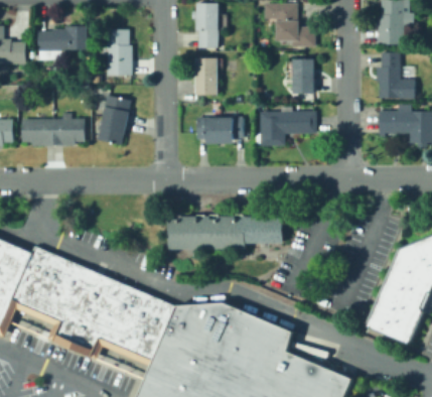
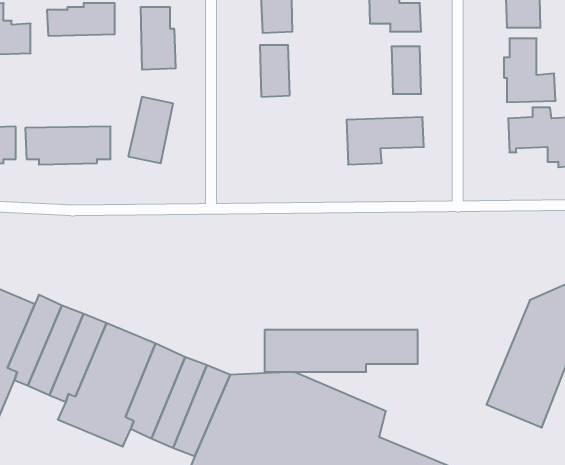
building: [198,117,244,146] -> none
building: [167,216,281,247] -> [265,330,418,372]

